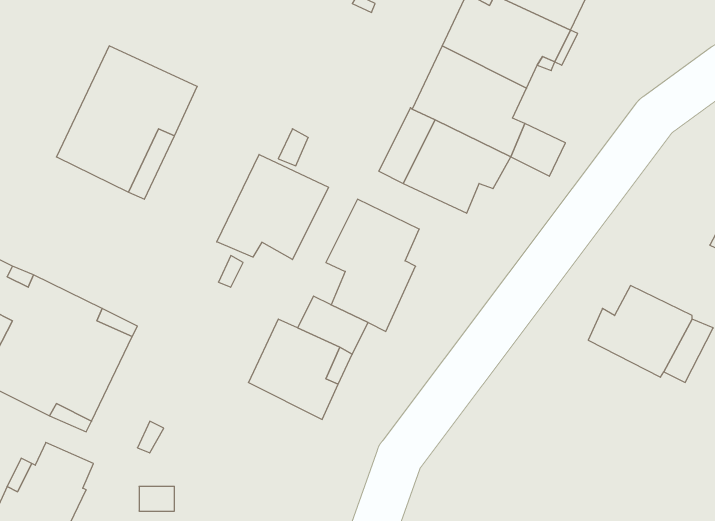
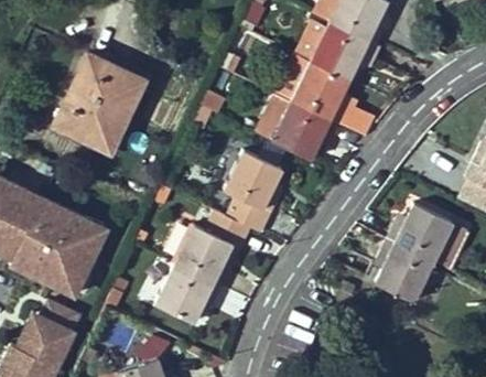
building: [217,154,328,260] -> none
building: none -> [376,238,433,302]
building: none -> [154,265,222,323]

